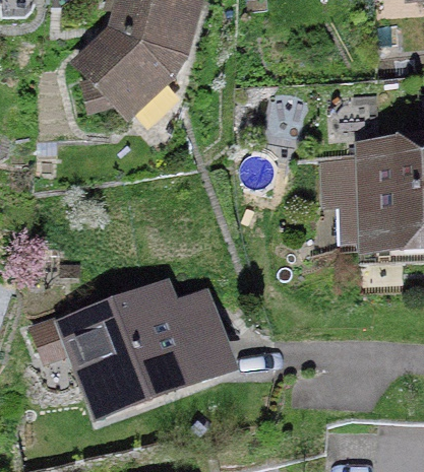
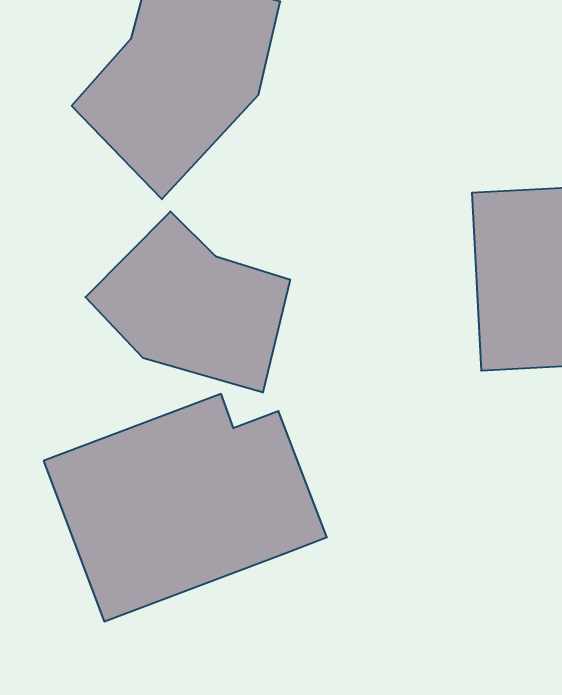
building: none -> [85,211,290,393]

